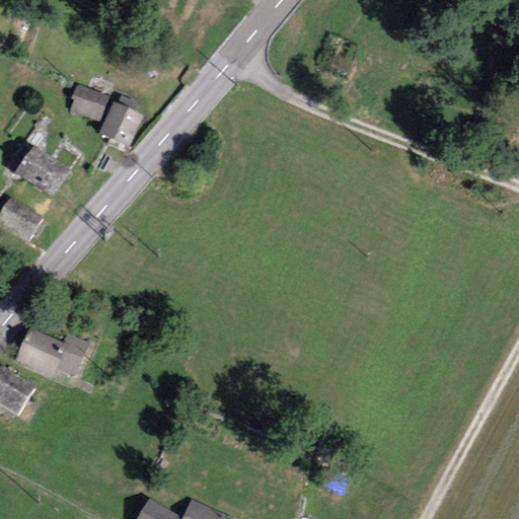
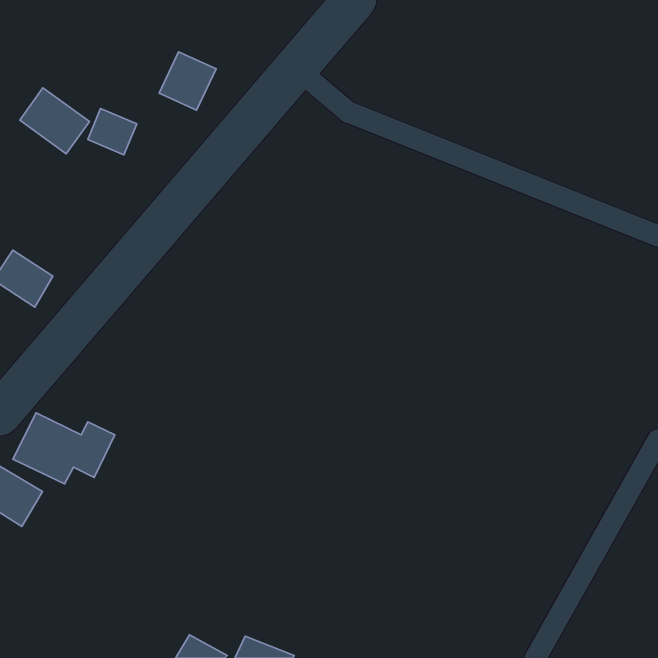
building: [98,101,143,147] -> [159,52,216,110]
building: [14,144,69,196] -> [20,88,89,154]

